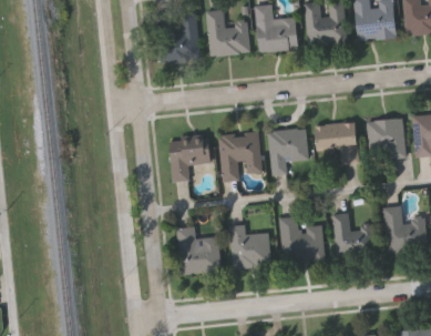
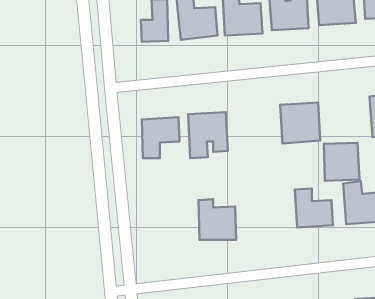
building: [366,119,403,159] -> [324,143,359,181]
building: [267,128,306,174] -> none
building: [278,216,321,262] -> none
building: [176,227,218,273] -> none

